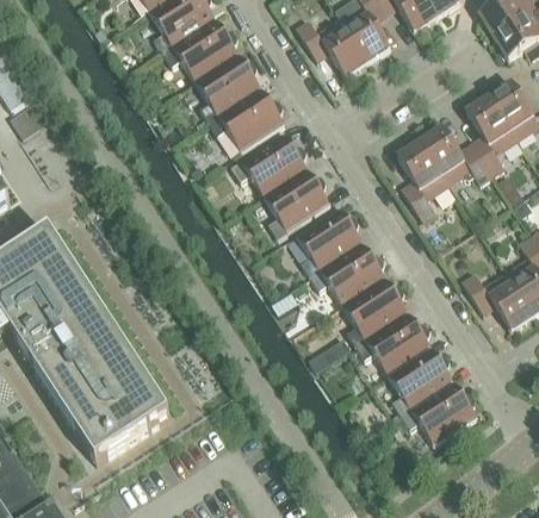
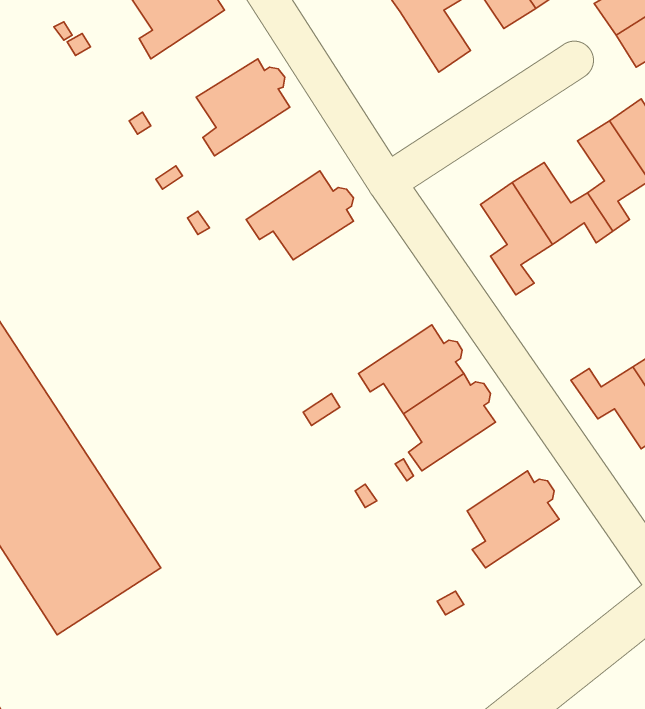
building: [162,18,238,80] -> none
building: [296,19,367,76] -> none
building: [207,87,284,151] -> none
building: [264,168,330,238] -> none
building: [296,206,363,276] -> none
building: [355,311,430,374] -> none
building: [401,380,477,444] -> none

